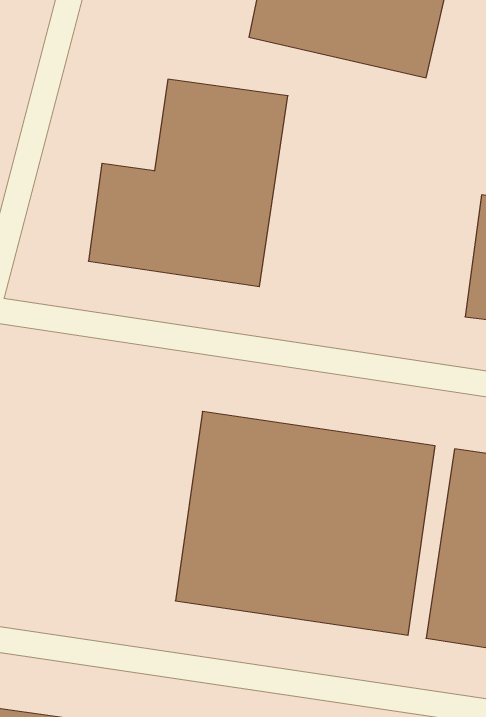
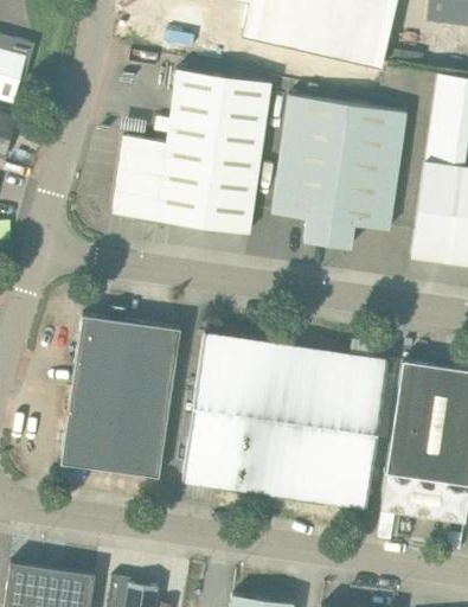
building: none -> [271,96,405,248]
building: none -> [60,314,180,478]

